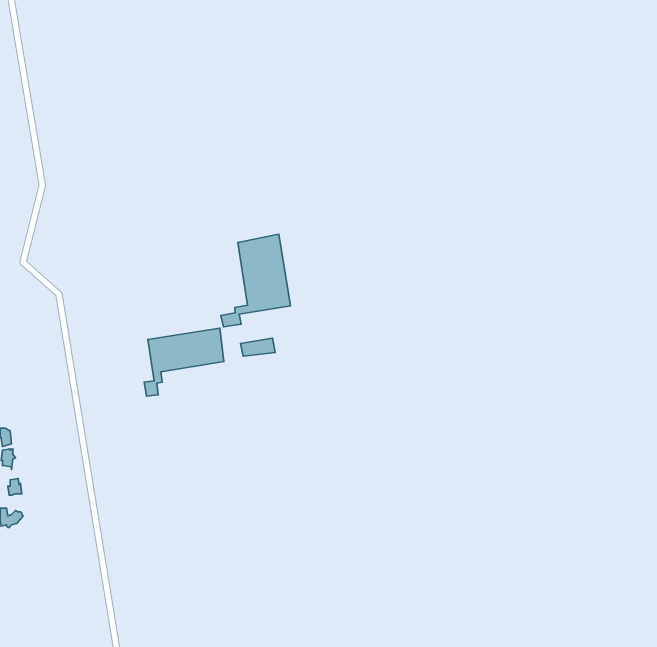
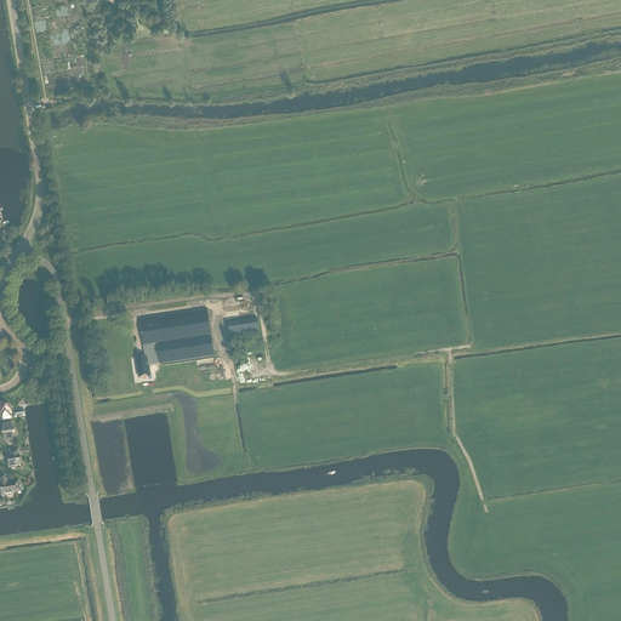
building: [221,234,290,327] -> none

